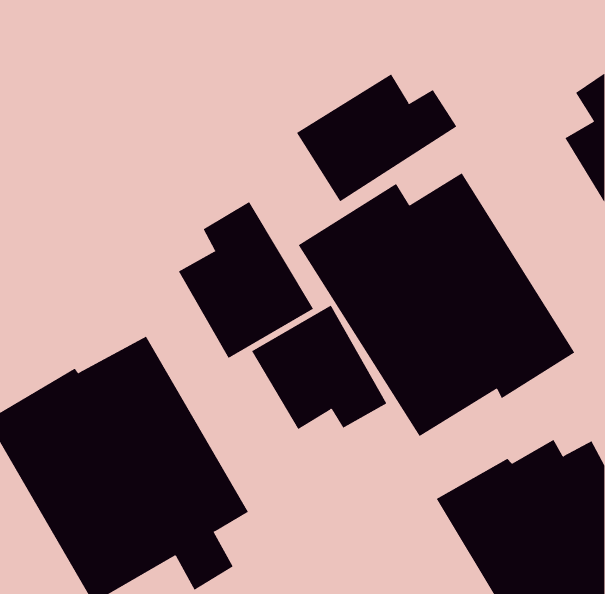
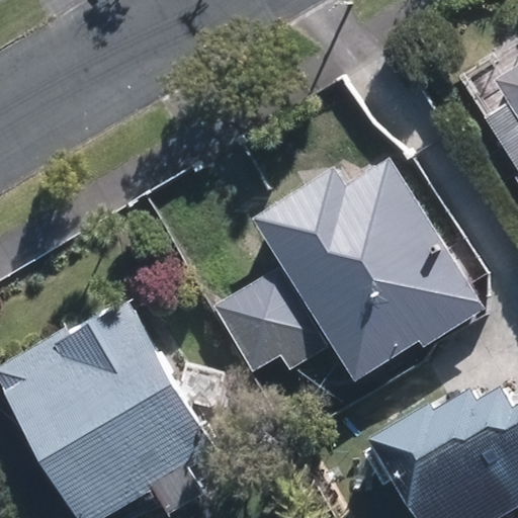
building: [296,73,457,202] -> none
building: [178,201,314,359] -> none

